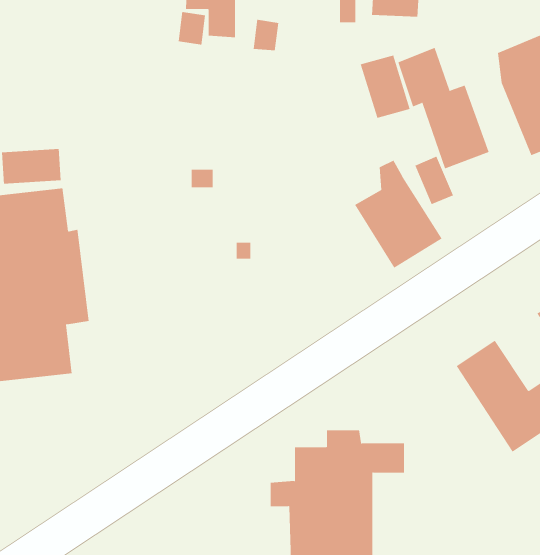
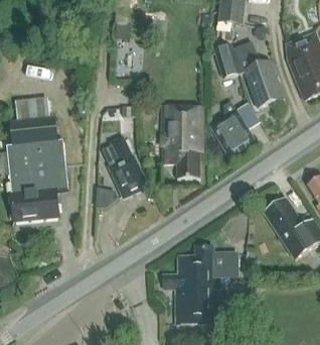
building: none -> [160,105,204,178]
building: none -> [102,136,146,197]

